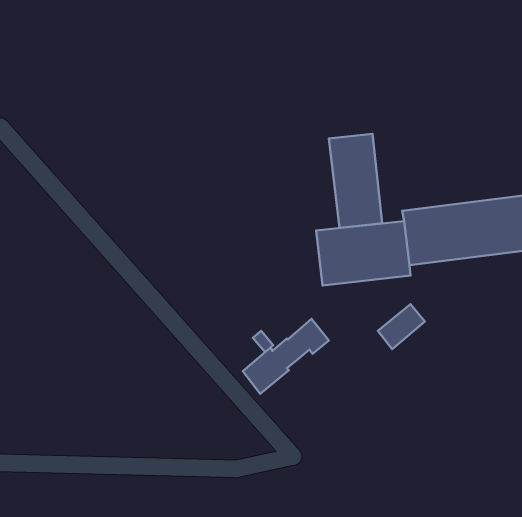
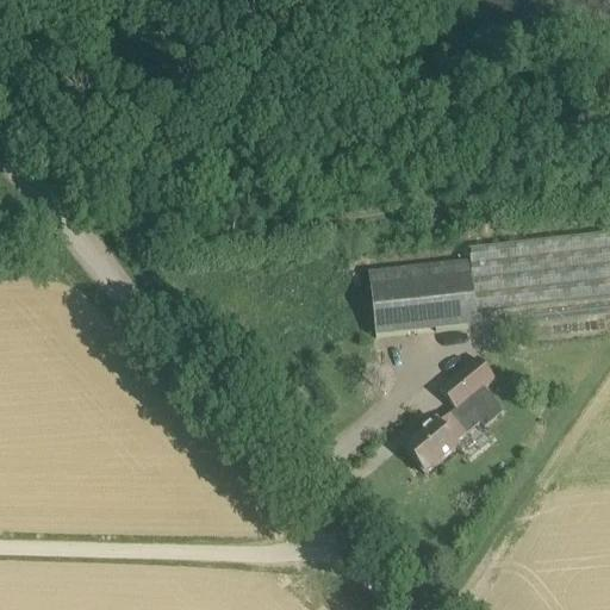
building: [329,134,382,228] -> none
building: [243,319,329,394] -> [405,382,505,469]

